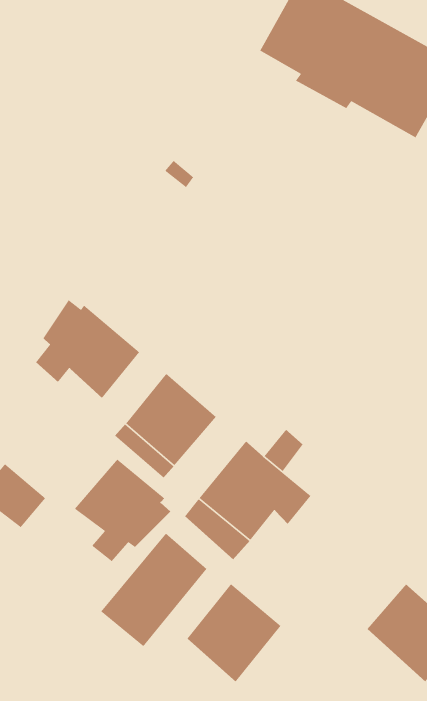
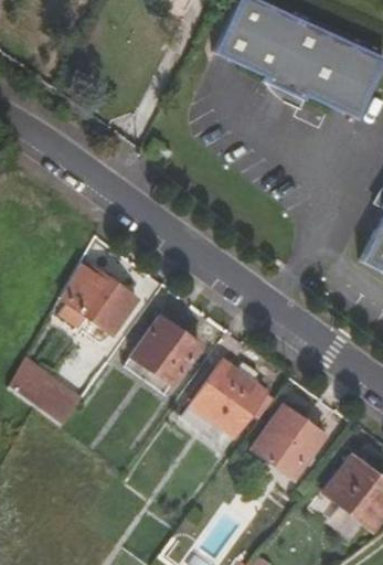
building: [74,459,171,562] -> none
building: [100,533,207,647] -> none
building: [186,583,282,682] -> [256,402,328,477]

